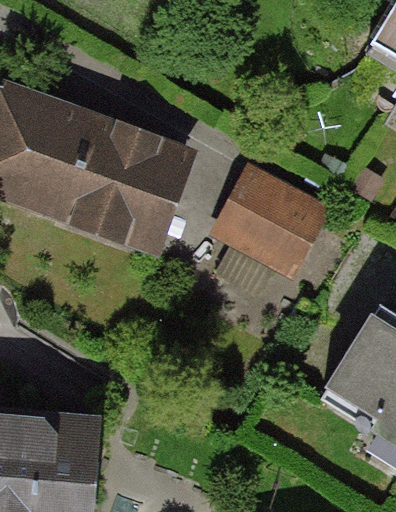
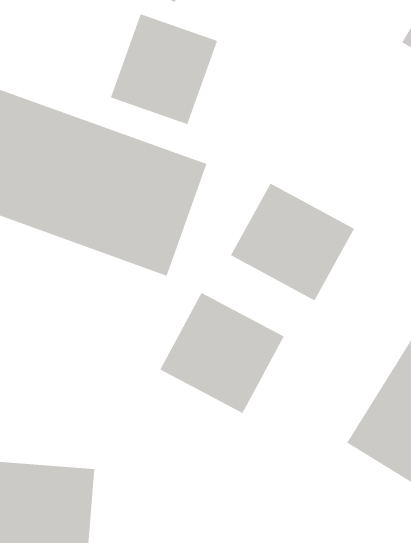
building: none -> [110,13,218,125]
building: none -> [159,292,285,414]

